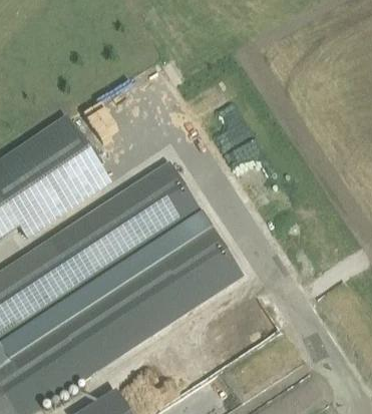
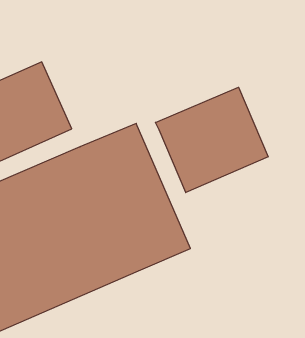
building: none -> [155,87,268,193]

